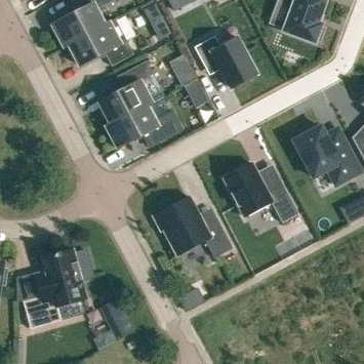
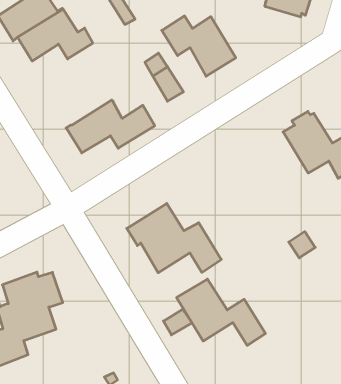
building: [98,59,154,123] -> none
building: [224,163,298,223] -> [177,279,265,345]
building: [98,298,133,340] -> none

